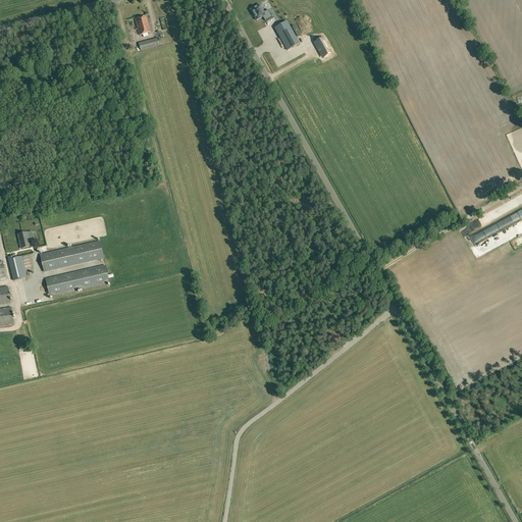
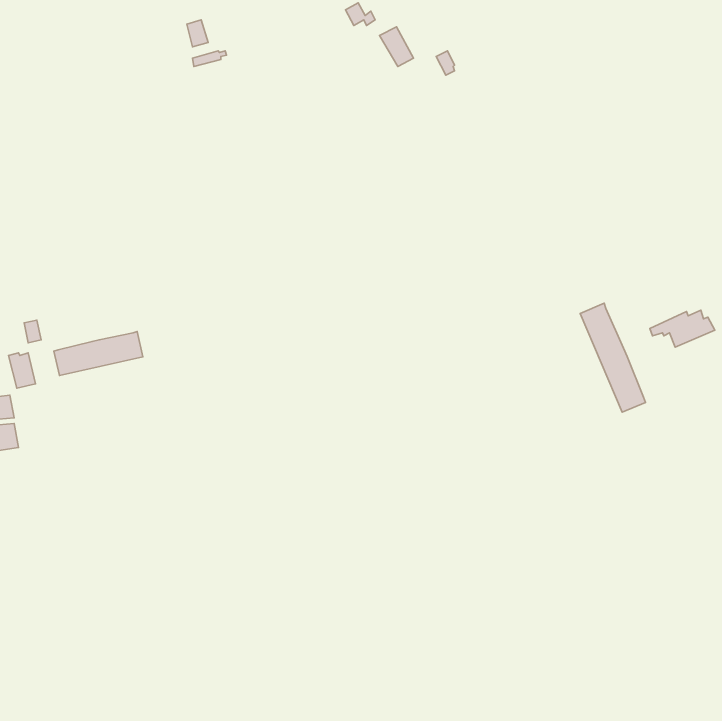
building: none -> [580,303,645,412]
building: [45,263,109,296] -> none

